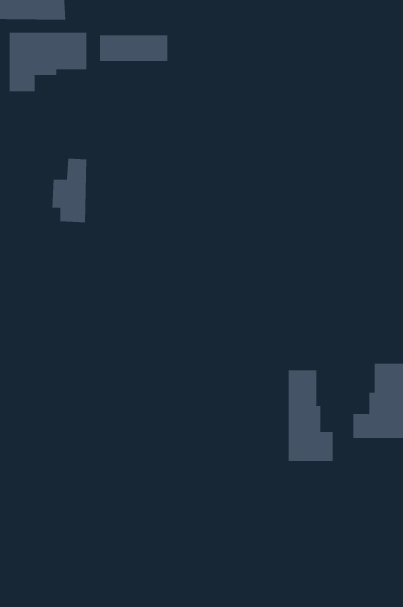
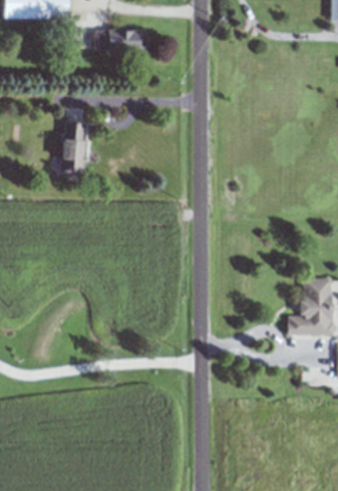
building: [9,32,87,92] -> none
building: [288,370,333,462] -> none

